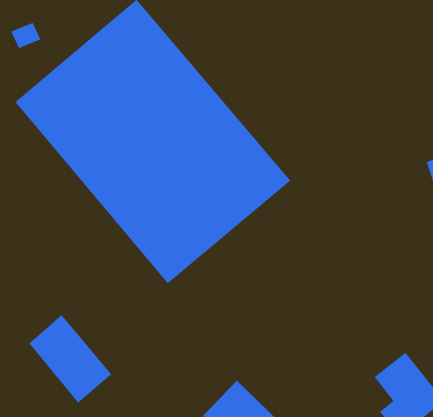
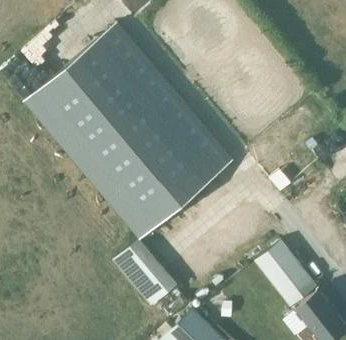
building: none -> [255,241,317,307]
building: [29,314,112,403] -> [114,239,177,306]

